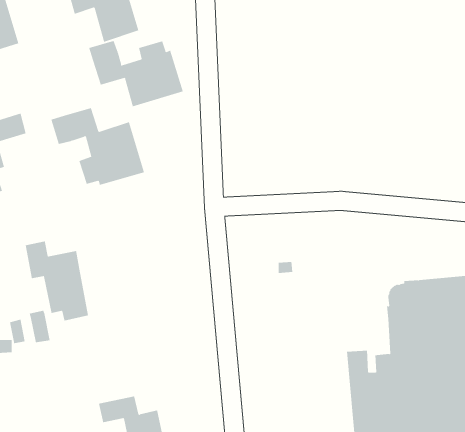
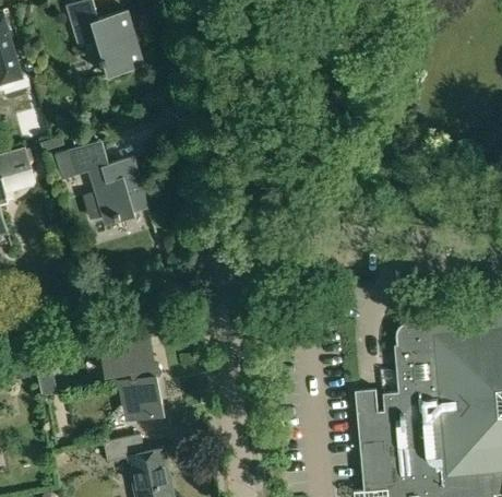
building: [89,40,183,107] -> none
building: [25,241,89,321] -> [99,336,164,417]

